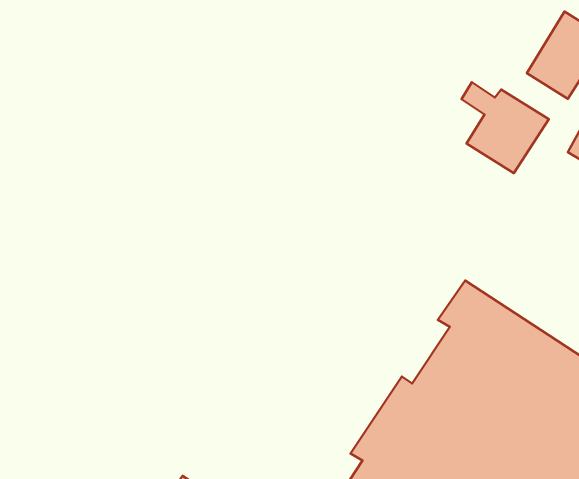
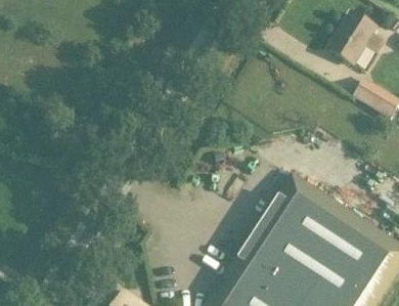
building: [461,82,549,173] -> none

